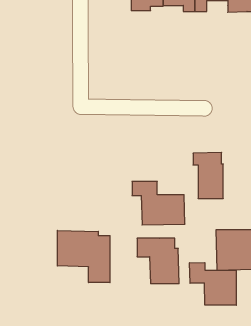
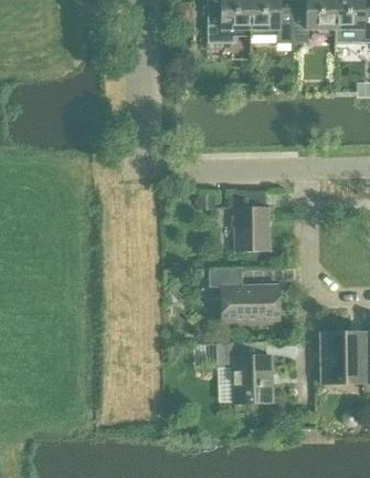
building: [193,152,223,198] -> [230,191,269,252]
building: [57,230,110,283] -> none
building: [190,263,236,305] -> none

